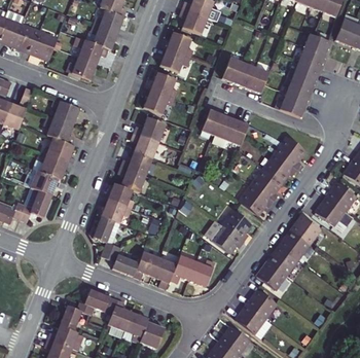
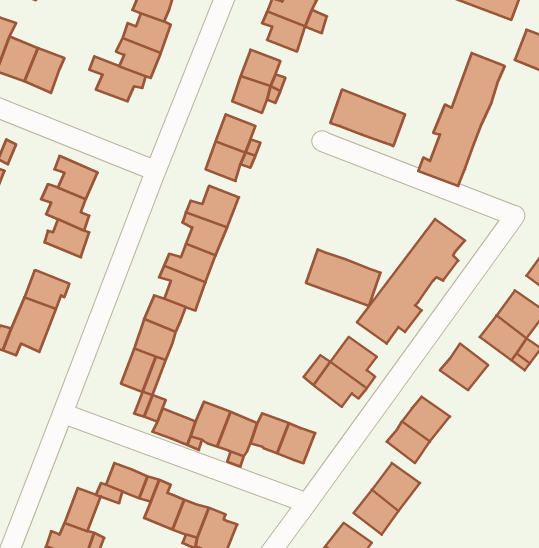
building: [67,58,97,81] -> none
building: [202,110,248,145] -> [306,249,381,306]
building: [40,152,68,178] -> none
building: [279,231,308,260] -> none

